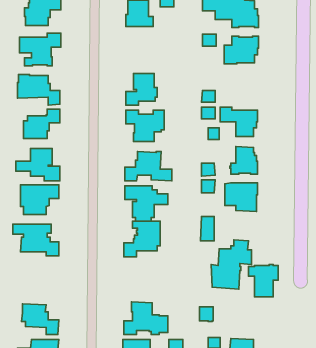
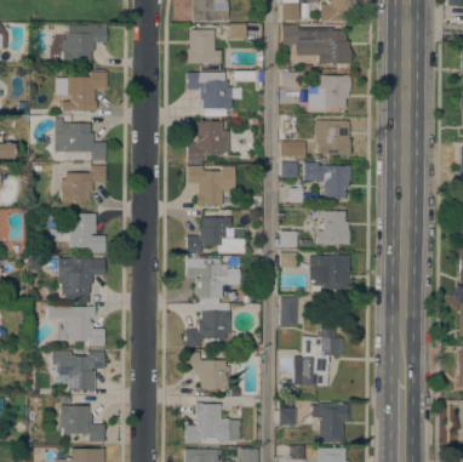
building: none -> [187,73,233,109]
building: none -> [315,120,349,154]
building: none -> [51,350,103,390]
building: none -> [185,353,229,388]
building: [249,264,278,297] -> [311,403,348,443]

